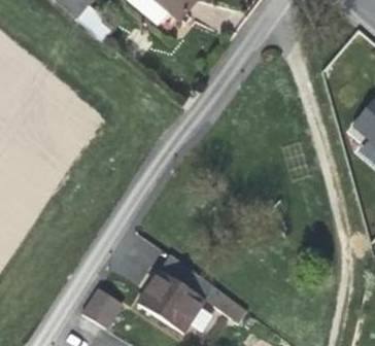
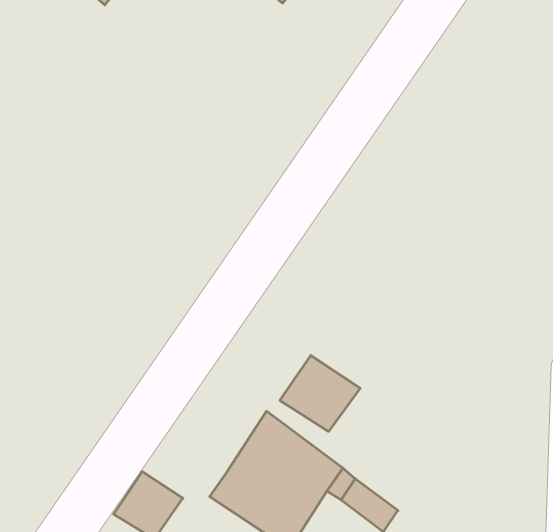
building: none -> [280,355,360,431]

